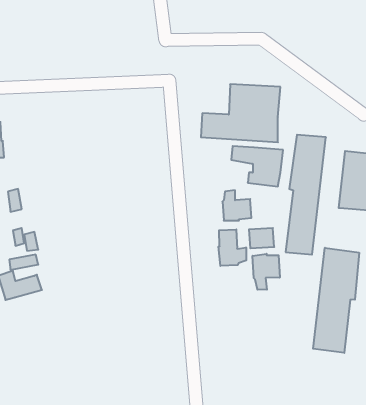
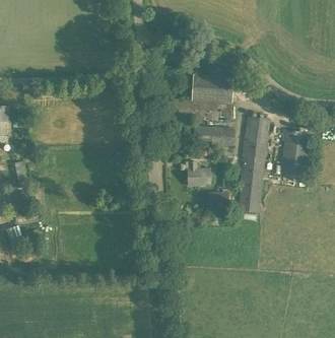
building: [218,229,246,266] -> none
building: [313,248,359,353] -> none
building: [253,254,280,290] -> none

